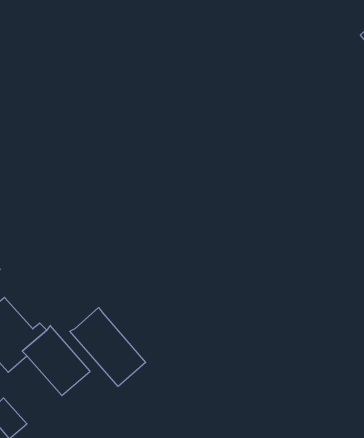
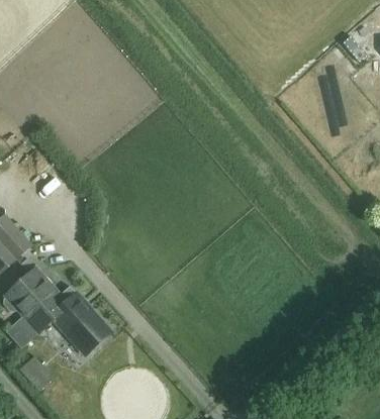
building: [70,308,146,386] -> none

